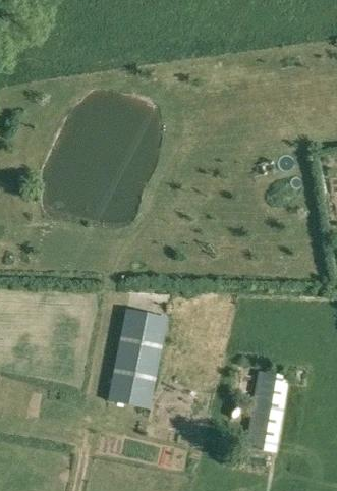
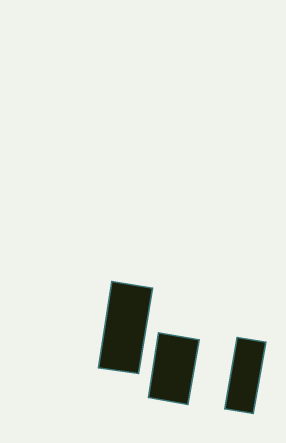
building: none -> [148,333,199,405]

